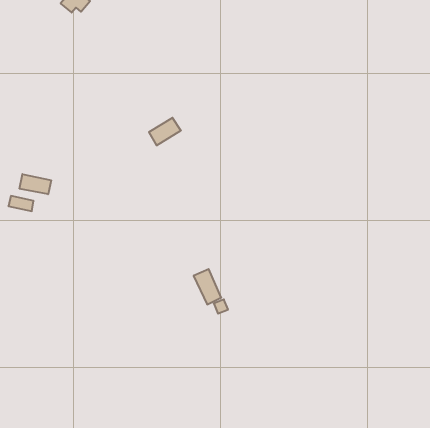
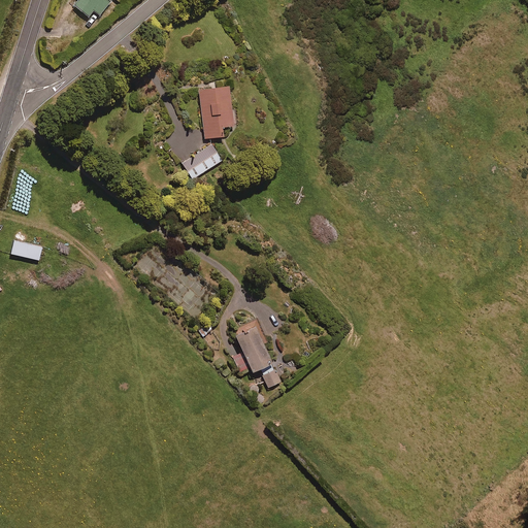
building: none -> [199,87,233,138]
building: [20,174,51,194] -> none

